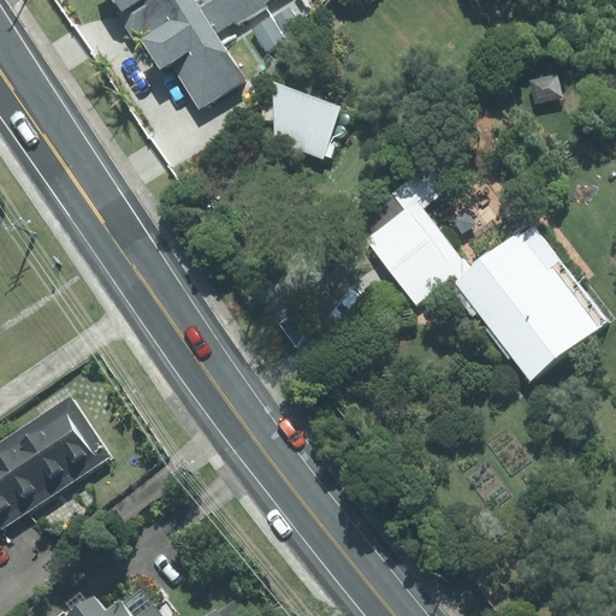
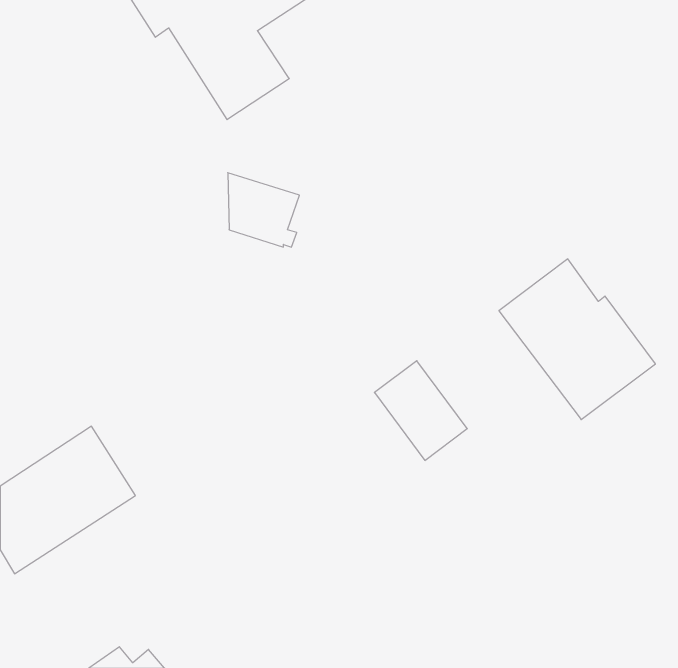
building: [271,87,336,154] -> [228,173,299,247]
building: [367,212,451,302] -> [374,361,467,460]

